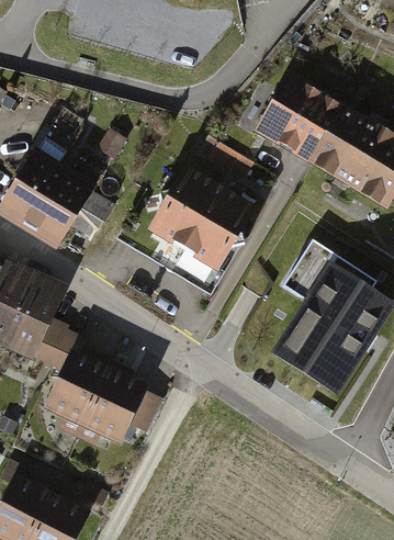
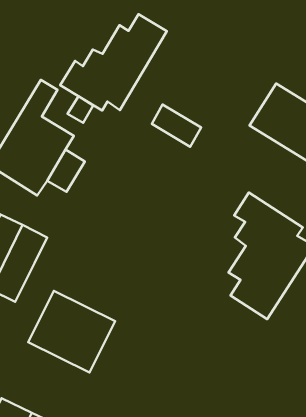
building: none -> [60,14,167,111]
building: [259,75,345,158] -> none
building: [151,168,251,263] -> none
building: [32,323,87,384] -> none

